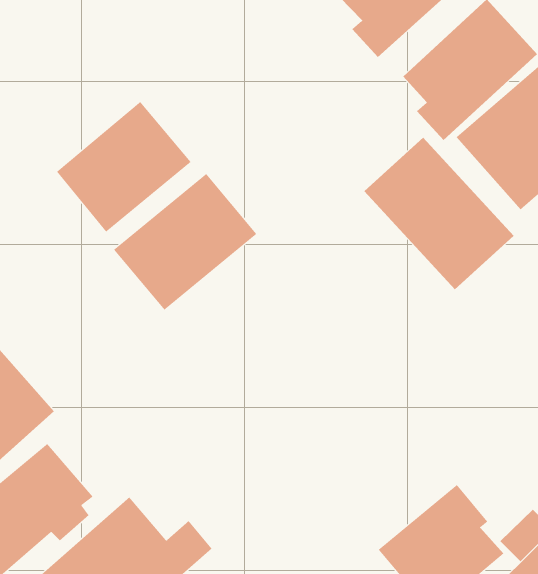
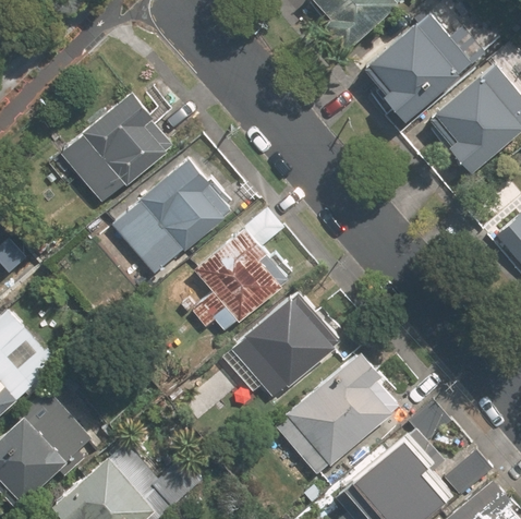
building: [363,137,514,290] -> none
building: none -> [193,229,287,330]
building: none -> [223,292,338,398]
building: none -> [276,353,402,478]

